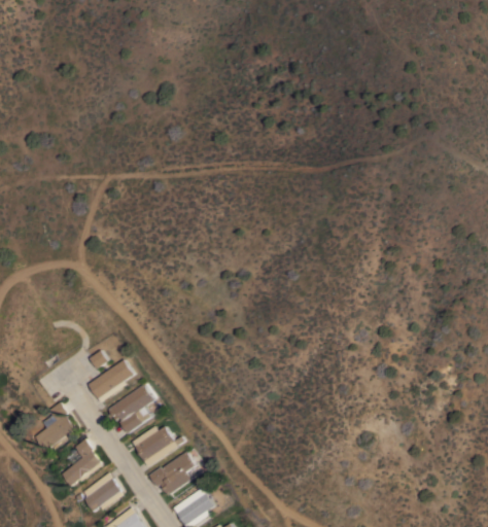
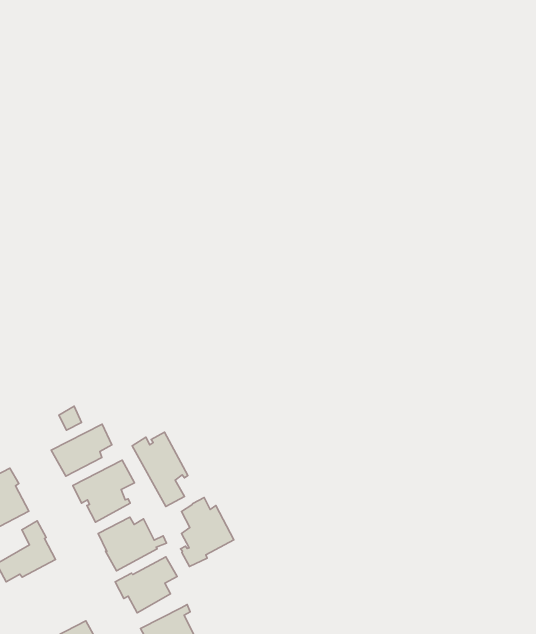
building: none -> [132,432,188,506]
building: none -> [181,498,234,567]
building: [80,472,124,512] -> none

